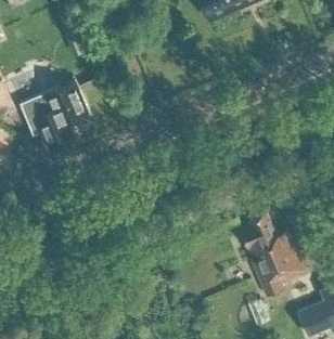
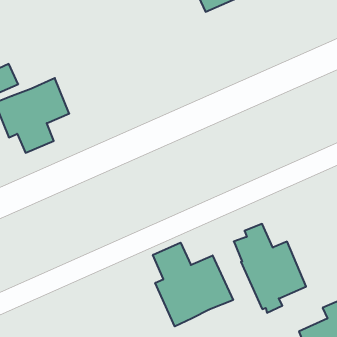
building: none -> [153,243,233,326]

